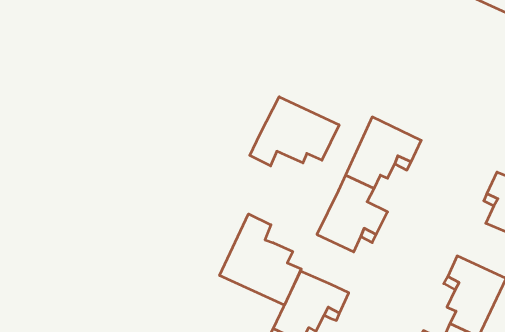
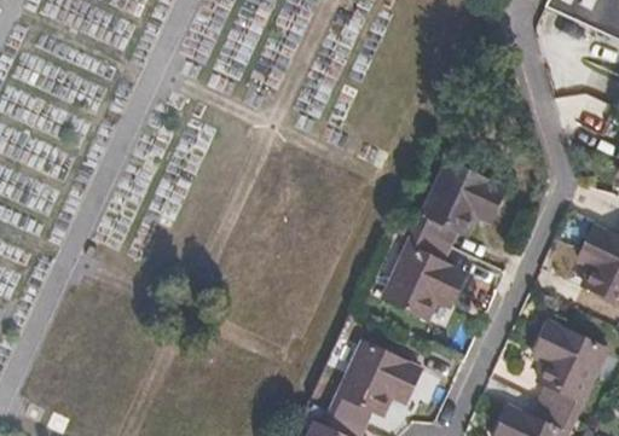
building: [250,97,339,166] -> none
building: [220,214,301,305] -> none

